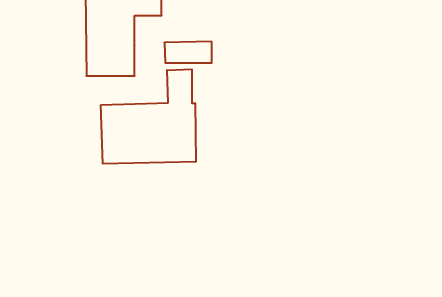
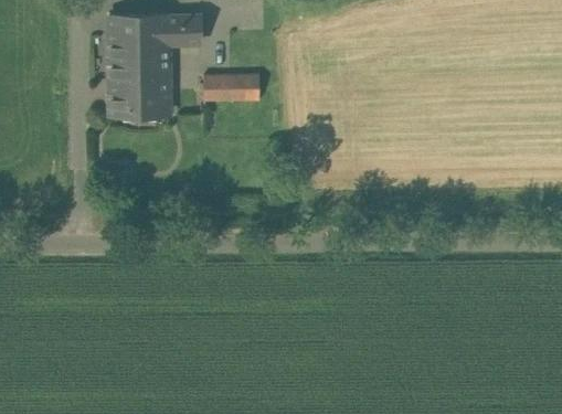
building: [101,69,196,164] -> none

